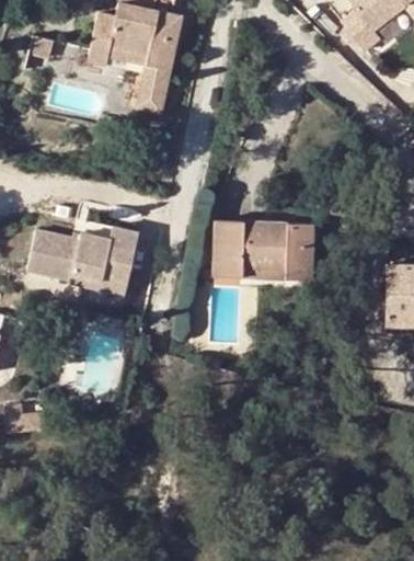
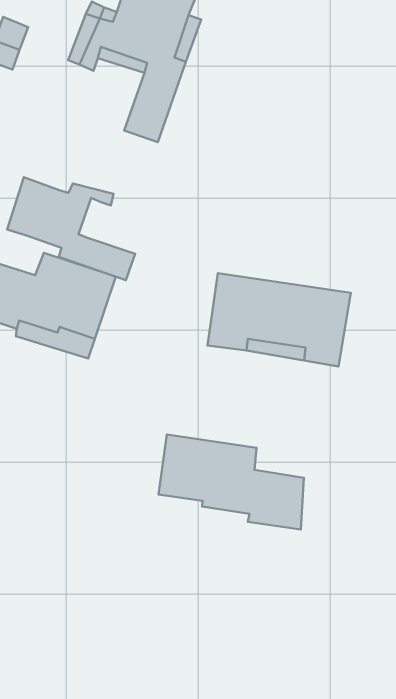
building: none -> [7,177,135,280]
building: none -> [158,434,304,530]

